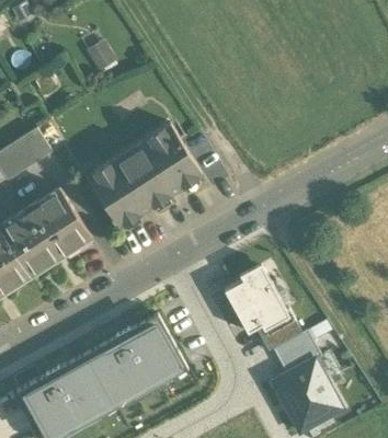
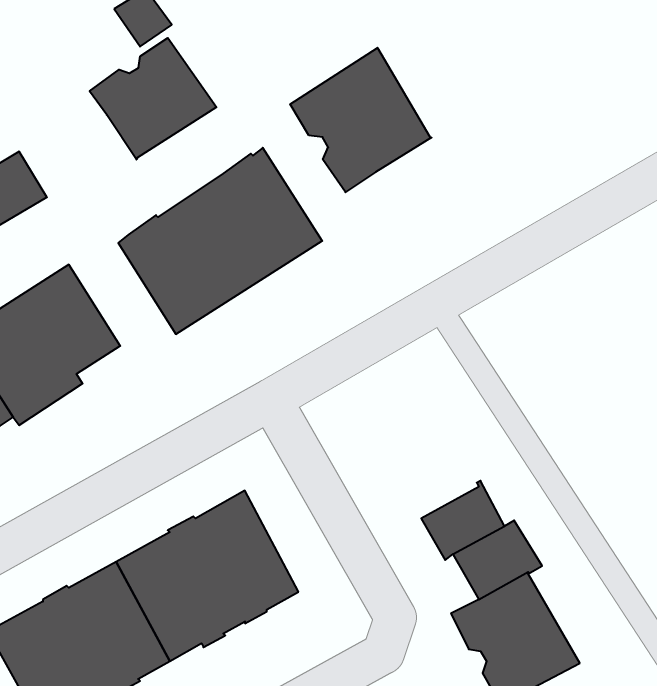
building: none -> [90,38,216,160]
building: none -> [290,48,432,192]
building: [224,263,287,333] -> none

